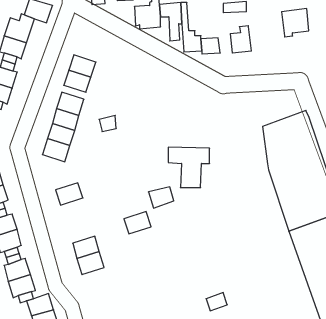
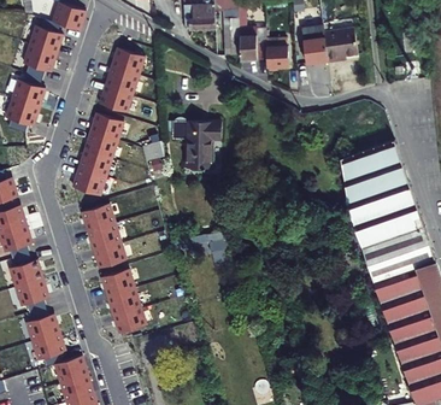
building: [282,9,309,37] -> [321,33,353,66]
building: none -> [112,51,145,78]
building: [168,147,210,188] -> [170,121,219,169]
building: none -> [84,204,117,231]
building: none -> [96,241,129,268]
building: [124,212,151,234] -> [105,269,137,295]

